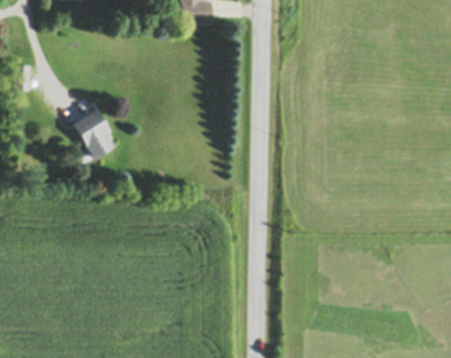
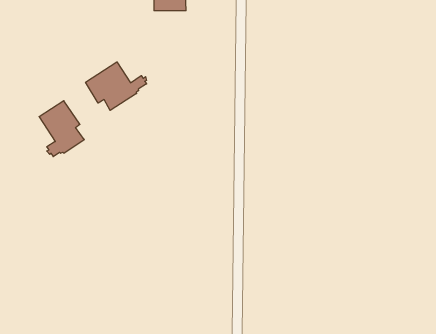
building: none -> [86,62,147,110]

